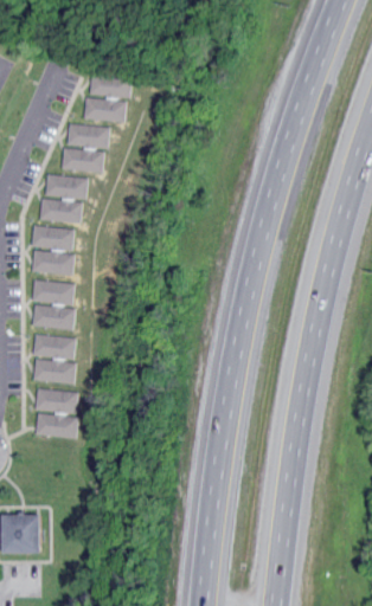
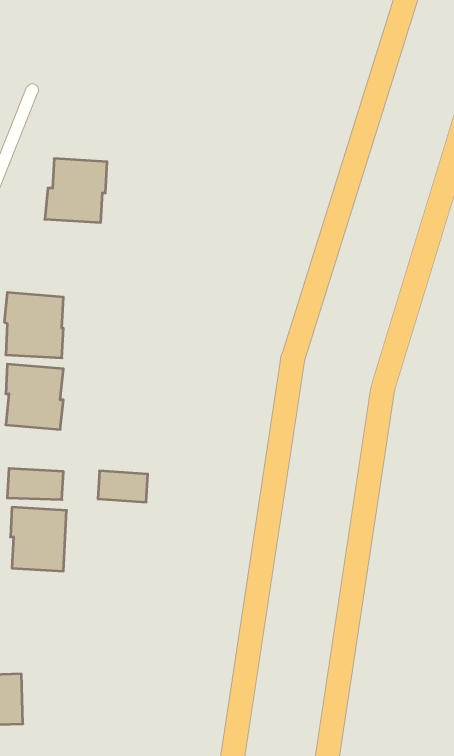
building: [83,73,129,121] -> none
building: [39,174,88,223] -> none
building: [32,334,70,357] -> [98,471,148,502]

